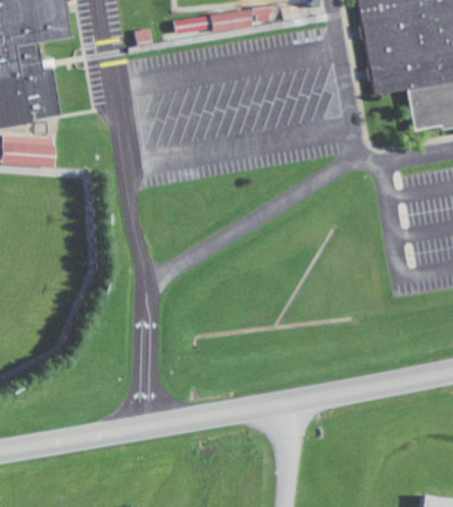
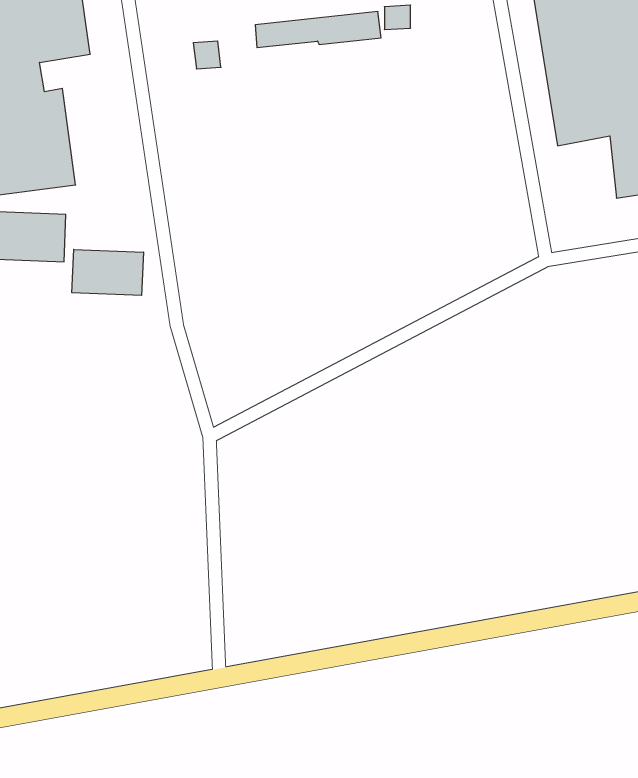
building: none -> [72,249,143,295]

